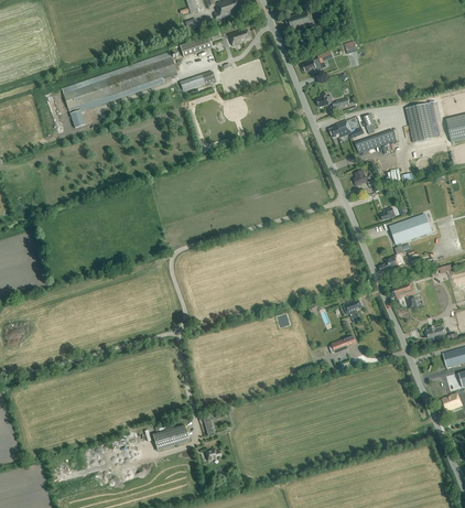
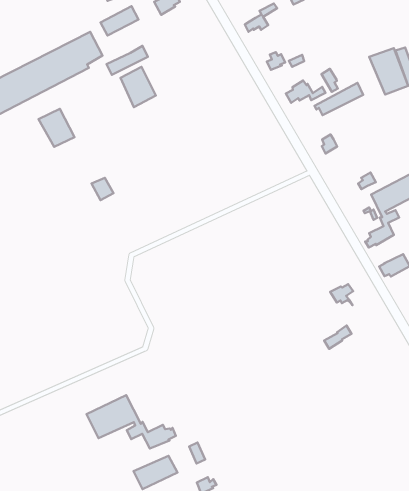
building: none -> [120,67,156,107]
building: none -> [39,109,74,147]
building: none -> [86,395,176,449]

